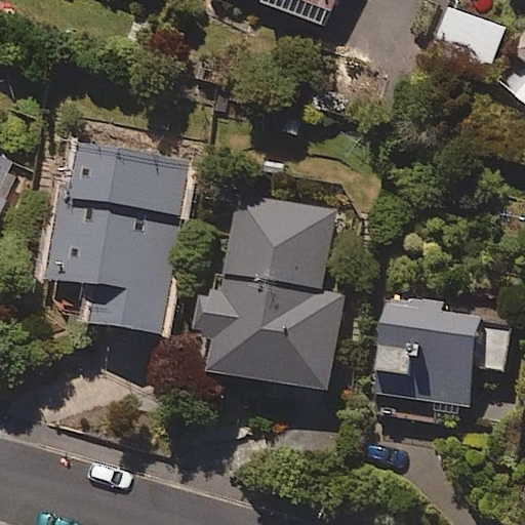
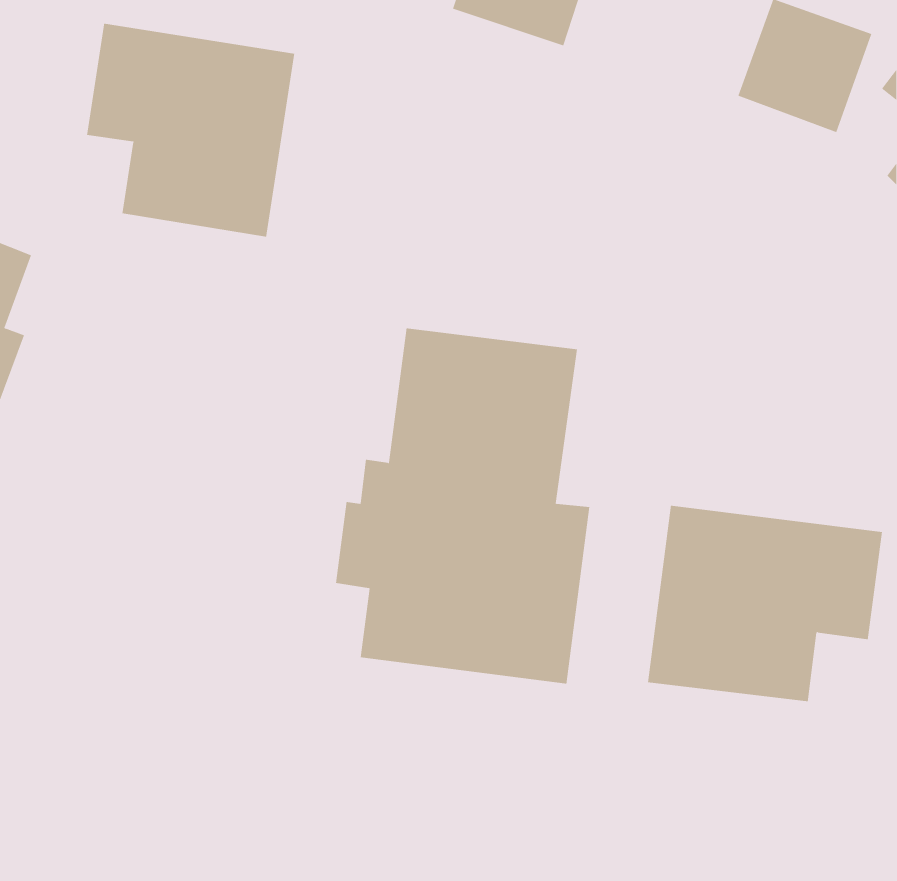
building: none -> [87,23,295,237]
building: [47,143,188,341] -> none

